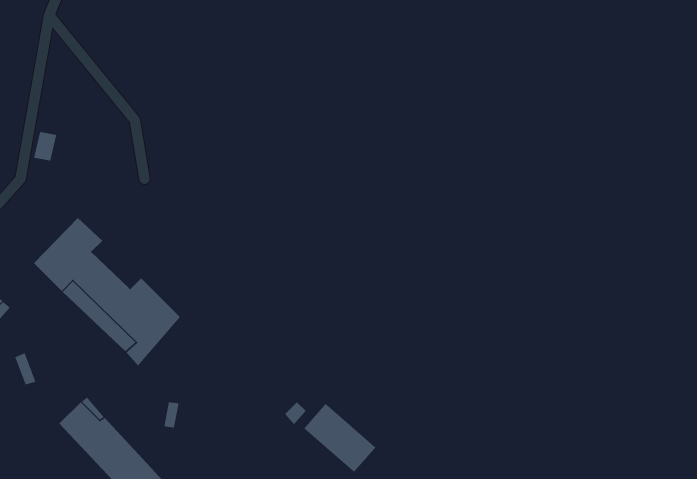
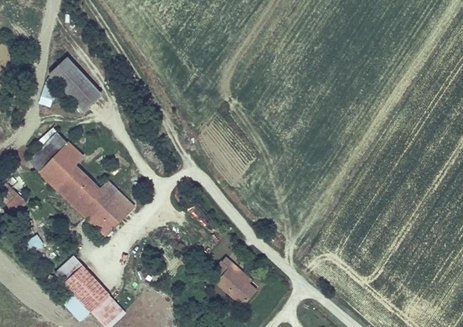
building: none -> [54,62,101,109]
building: none -> [30,133,68,172]

